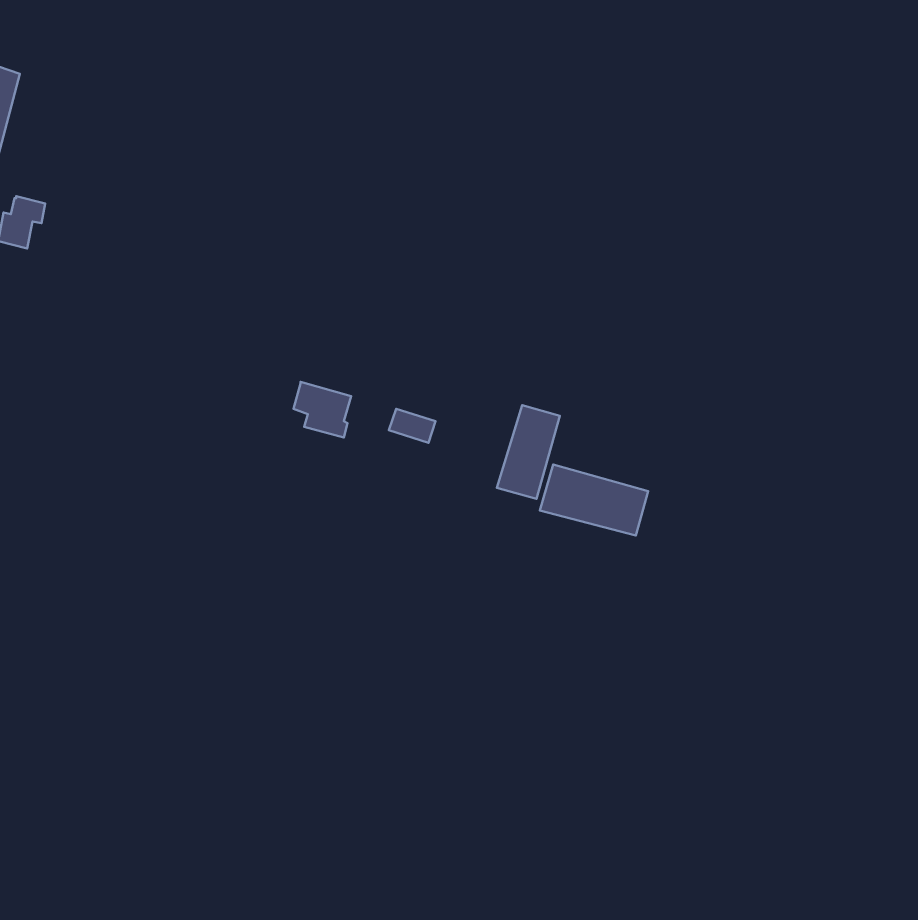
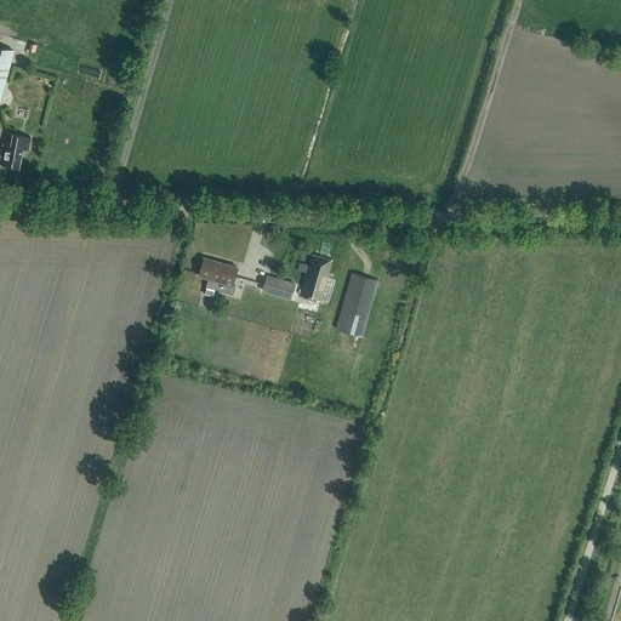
building: none -> [296,253,331,301]
building: [540,464,648,536] -> none

